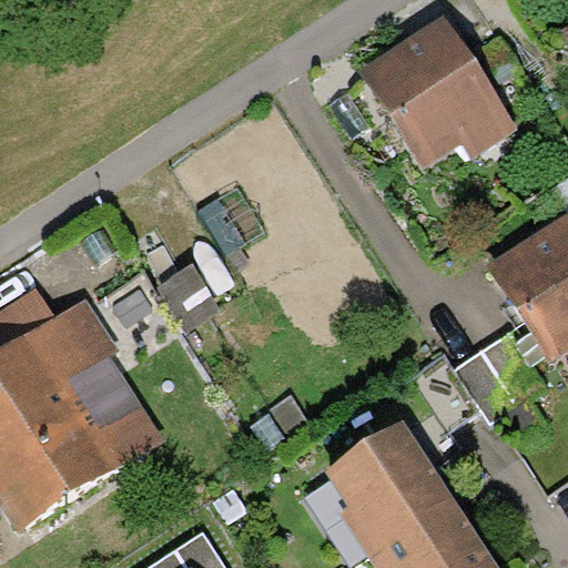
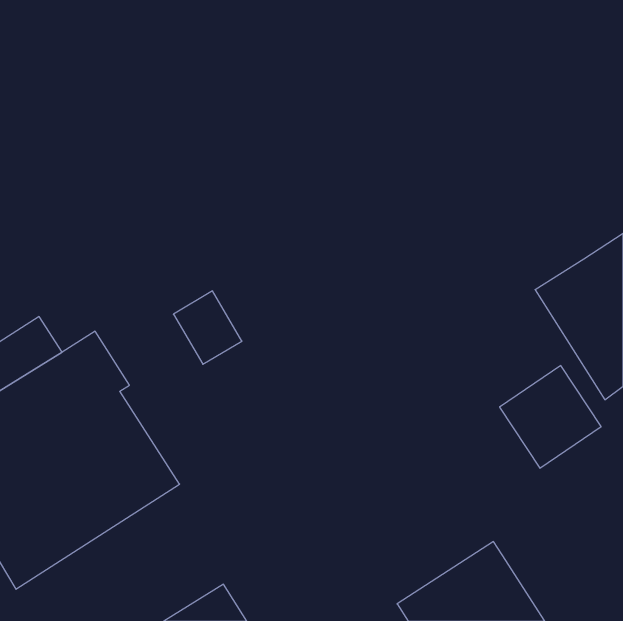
building: [358,17,518,170] -> none
building: [324,422,448,548] -> none

